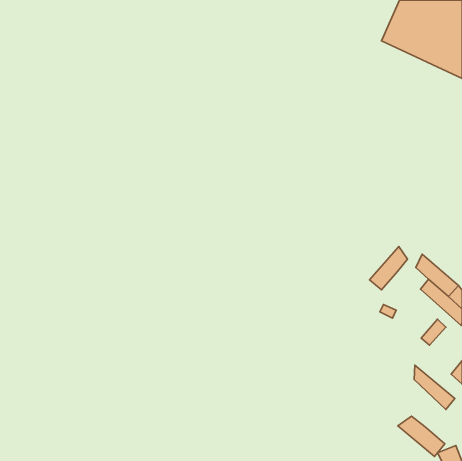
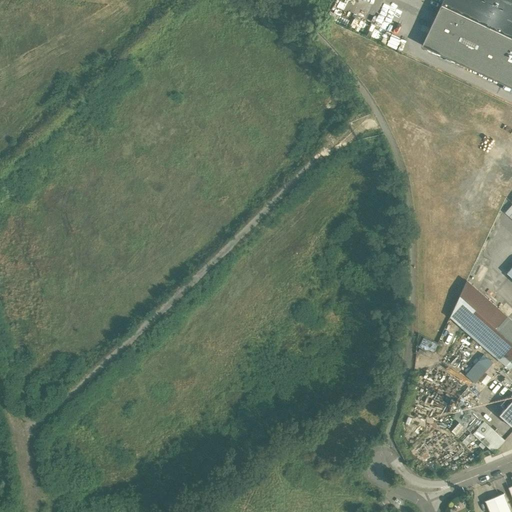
building: [370,246,408,290] -> none
building: [398,416,445,457] -> none

